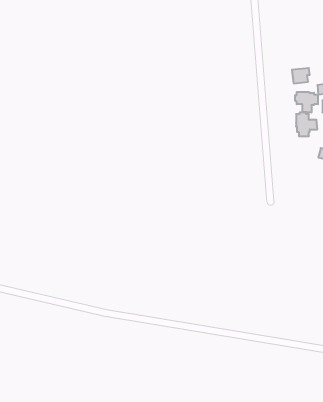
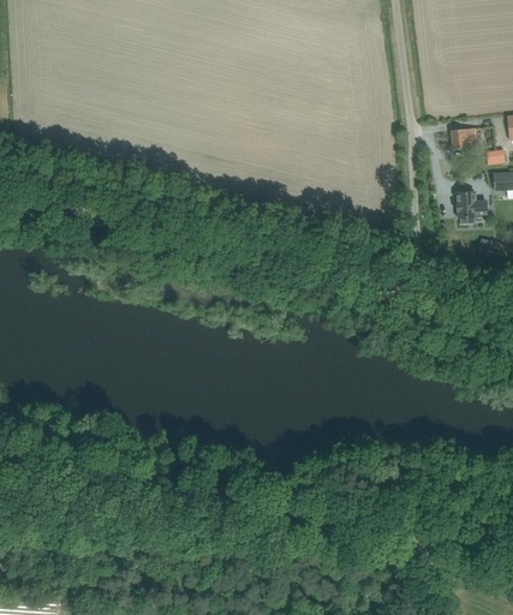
building: [295,92,318,113] -> none

